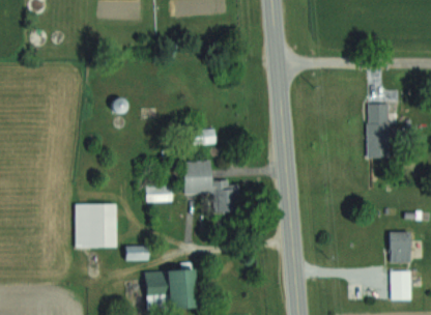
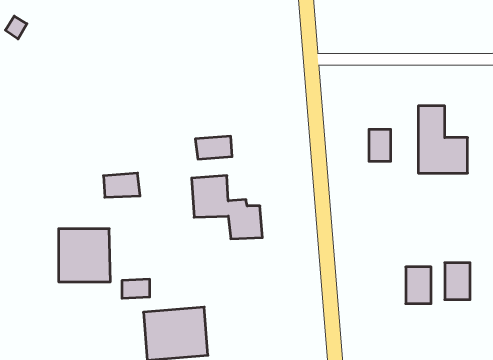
building: none -> [369,129,391,161]
building: [142,183,172,203] -> [103,173,140,197]
building: [390,270,410,300] -> [406,267,431,304]

